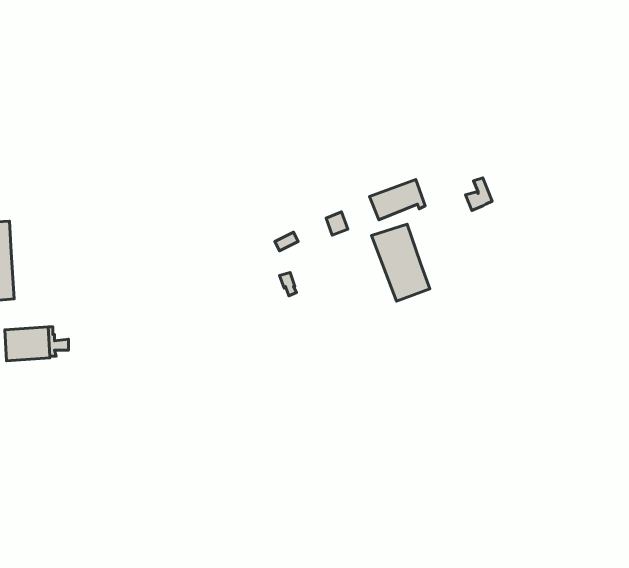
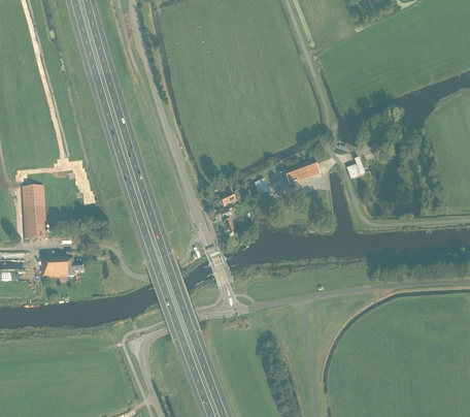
building: [372,224,430,301] -> none

